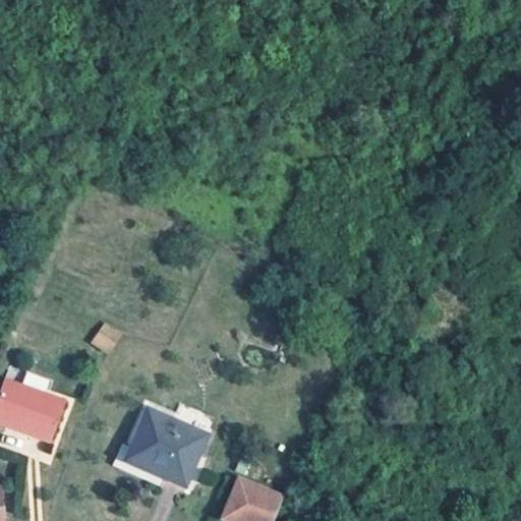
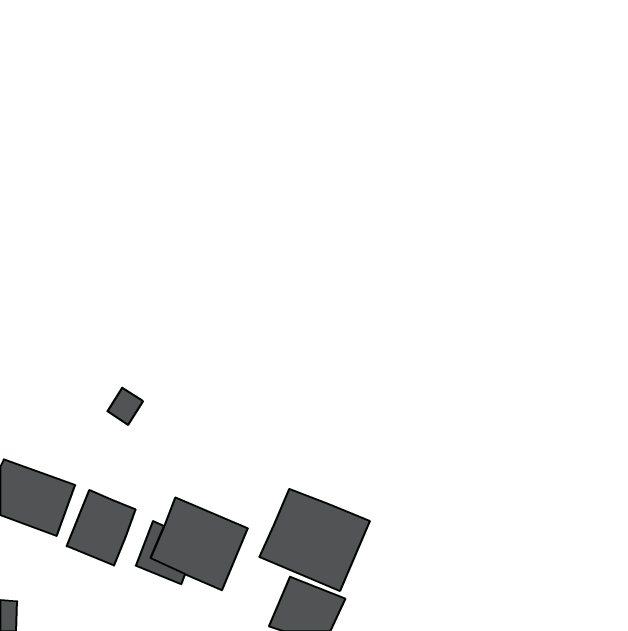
building: none -> [259,489,370,591]
building: none -> [67,490,135,566]

